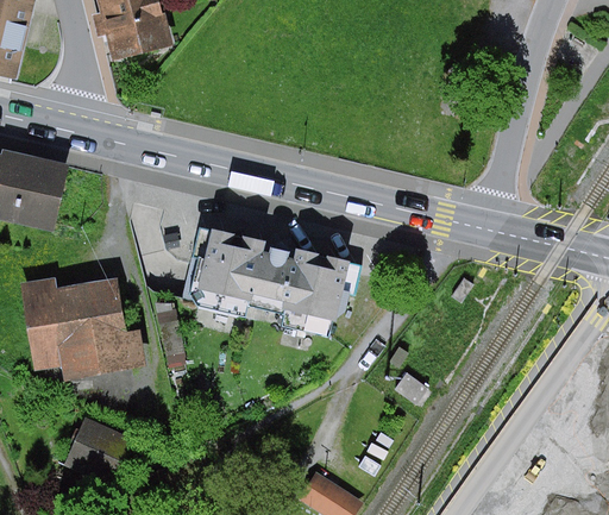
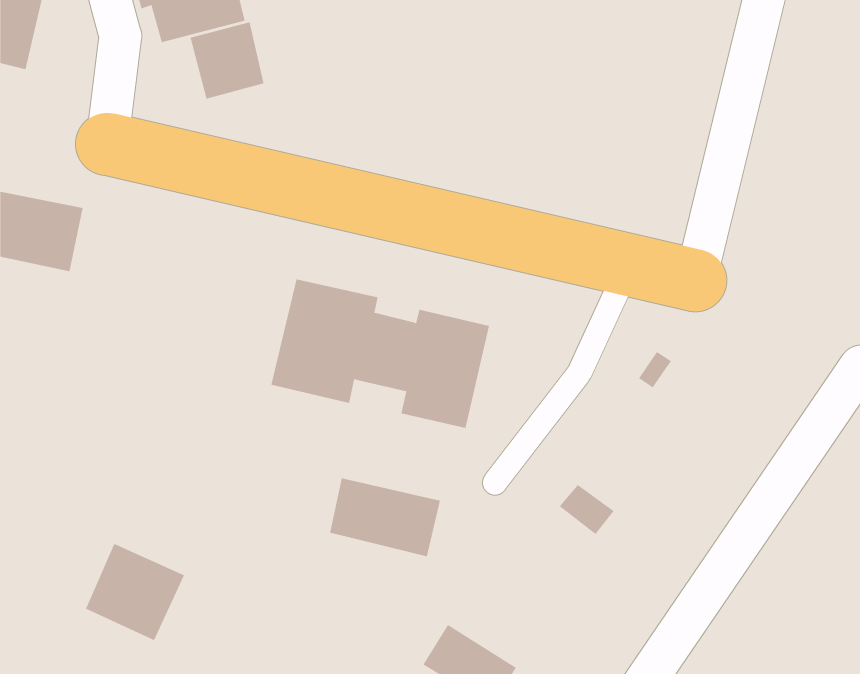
building: none -> [190,22,264,99]
building: [23,288,138,373] -> none
building: none -> [330,477,441,557]

